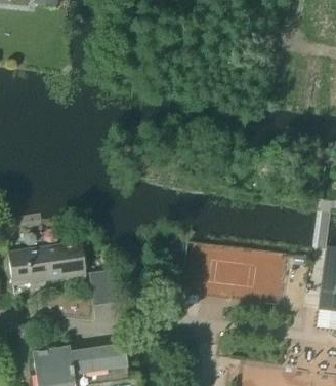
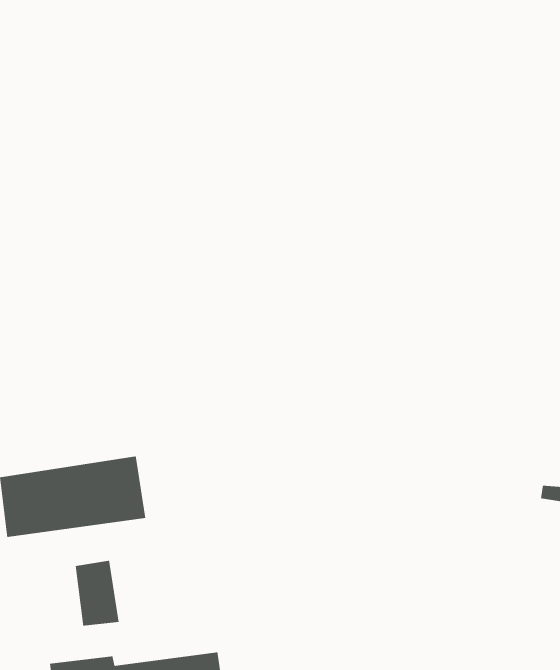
building: [94,270,118,305] -> [75,560,119,626]

